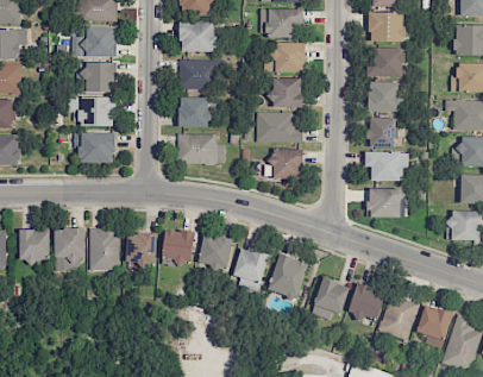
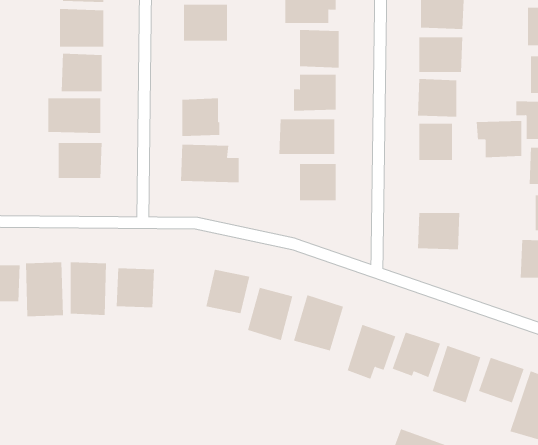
building: [178,58,222,89] -> none
building: [364,151,401,181] -> [476,121,522,158]
building: [162,228,195,263] -> none

